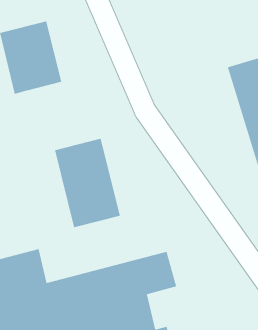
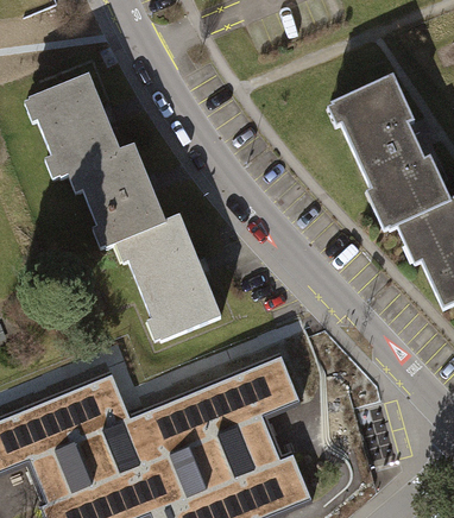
building: none -> [75,147,164,247]

